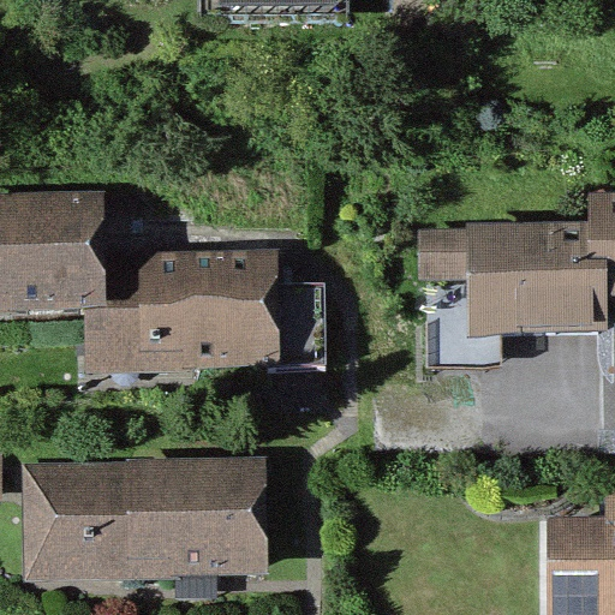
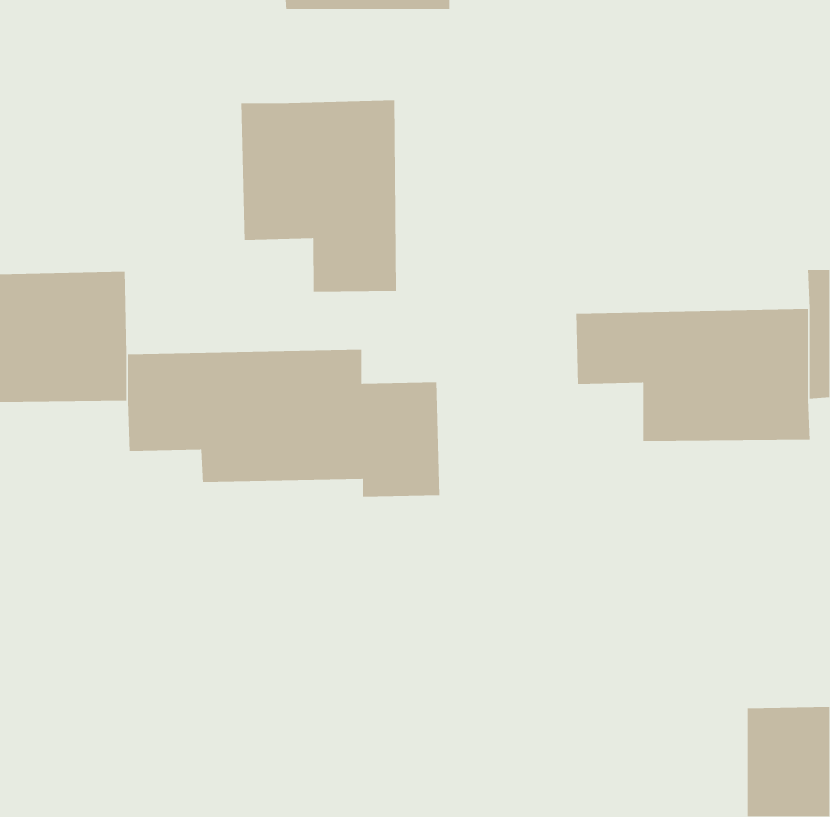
building: none -> [241,99,397,293]
building: [32,465,257,563] -> none

